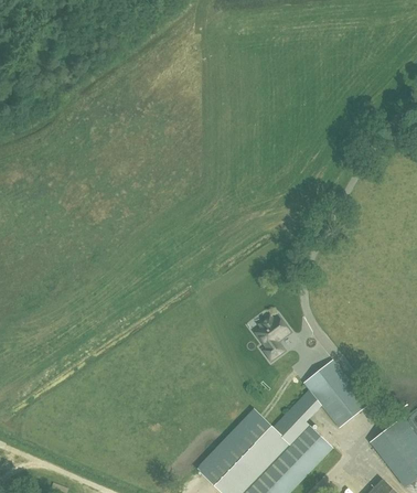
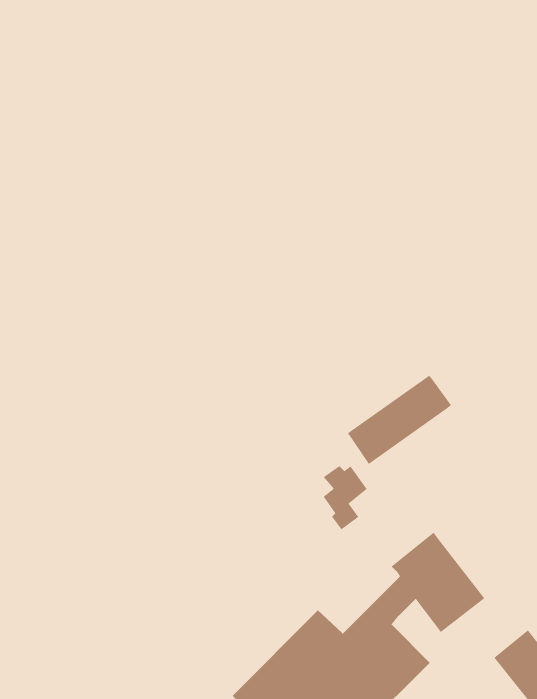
building: none -> [347,375,452,465]

